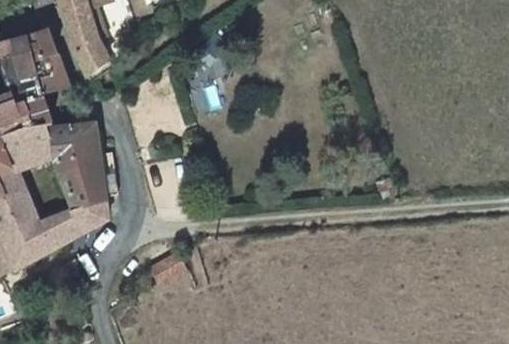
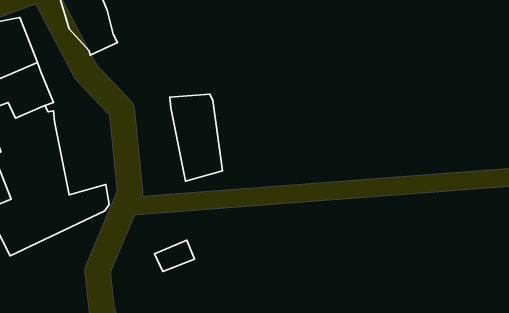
building: [23,32,66,89] -> none
building: [55,123,105,206] -> [170,94,222,181]

